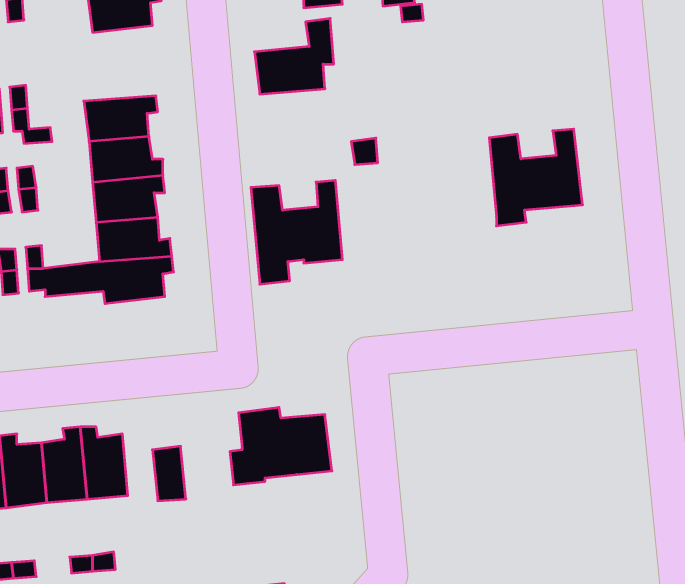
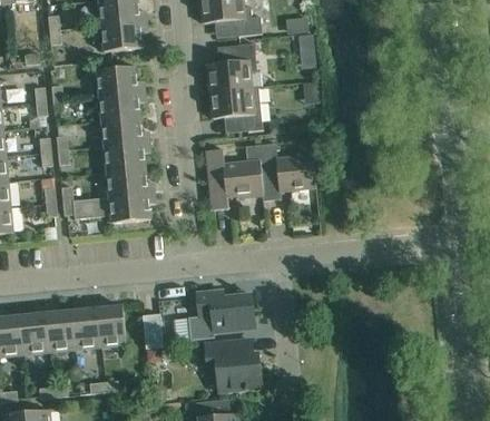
building: none -> [96,66,144,95]
building: none -> [209,87,262,130]
building: [489,129,583,226] -> [257,139,316,200]
building: none -> [205,337,261,392]

